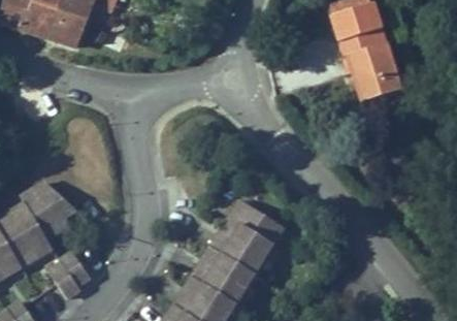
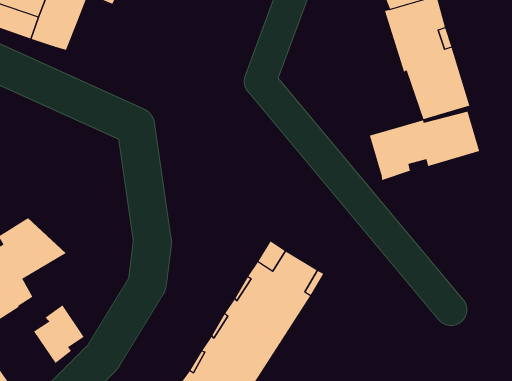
building: none -> [369,111,480,181]

